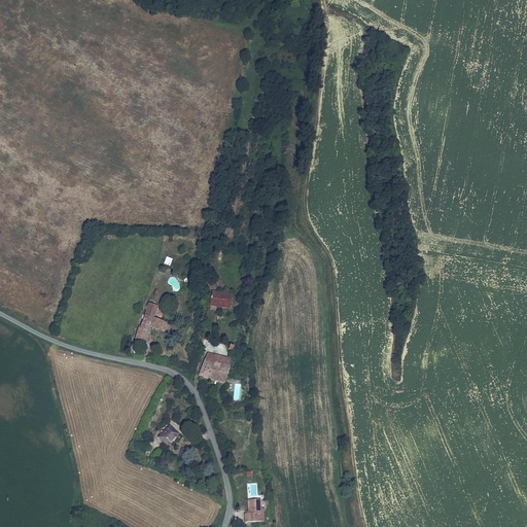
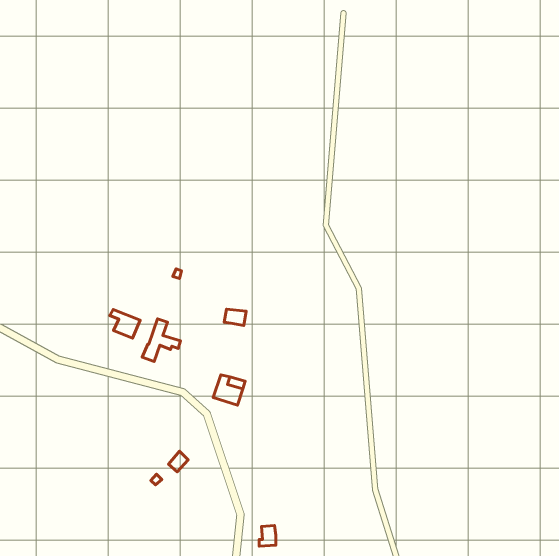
building: none -> [110,309,140,338]

